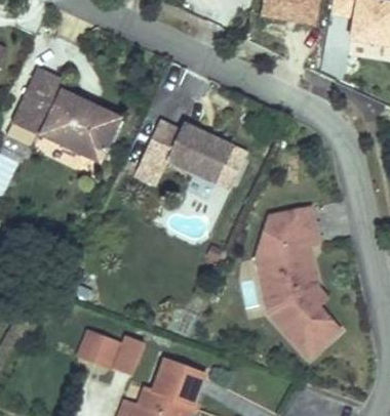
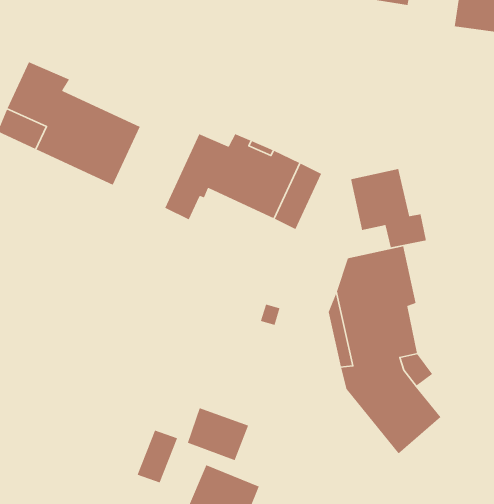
building: none -> [350,168,427,248]
building: [76,332,122,372] -> [187,407,249,461]

